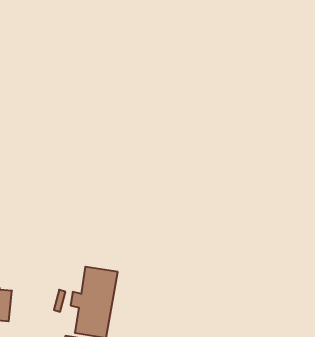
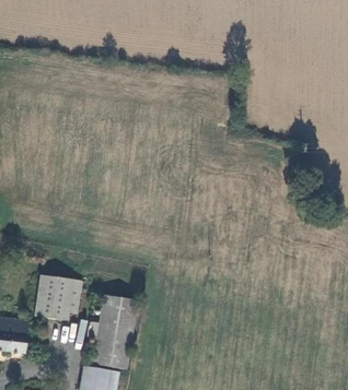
building: none -> [34,275,82,321]

